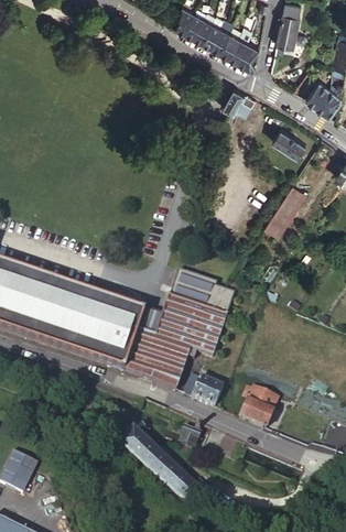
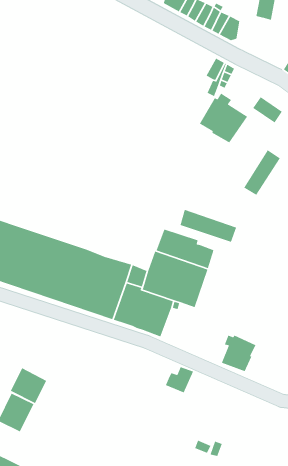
building: none -> [199,93,248,144]
building: none -> [180,209,237,243]
building: [181,370,223,404] -> none
building: none -> [10,367,47,404]
building: [125,431,199,500] -> none

